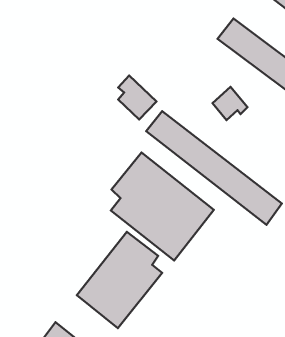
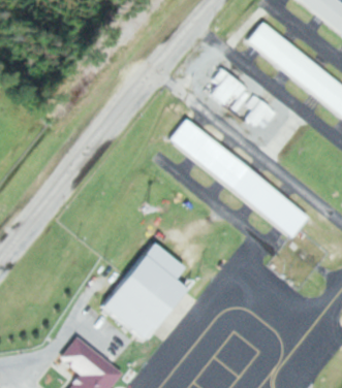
building: [118,75,156,120] -> [213,67,252,112]
building: [111,152,214,260] -> none

